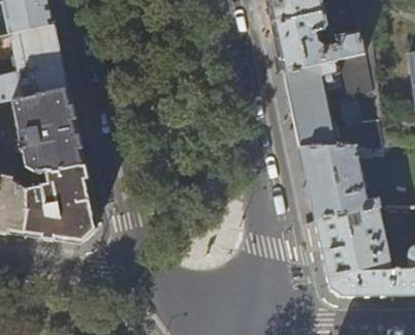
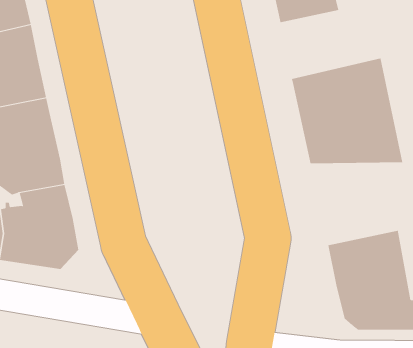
building: [273,11,362,72] -> none
building: [299,147,385,220] -> none

